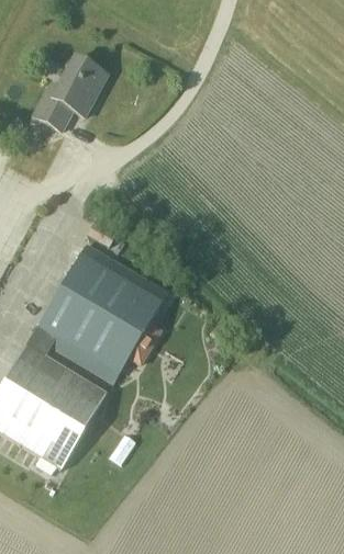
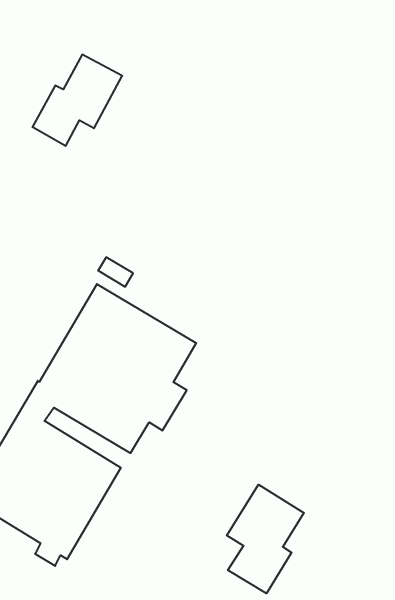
building: none -> [227,485,304,593]

